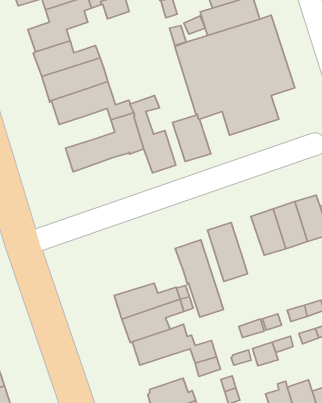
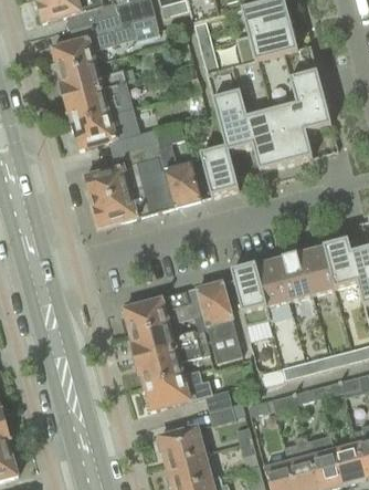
building: none -> [92,181,176,226]
building: none -> [256,259,292,320]
building: none -> [125,289,203,335]

